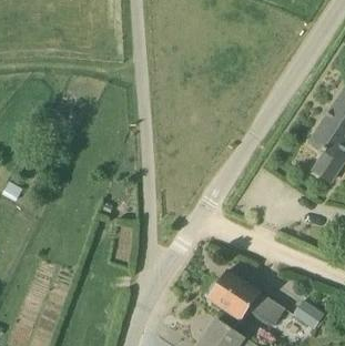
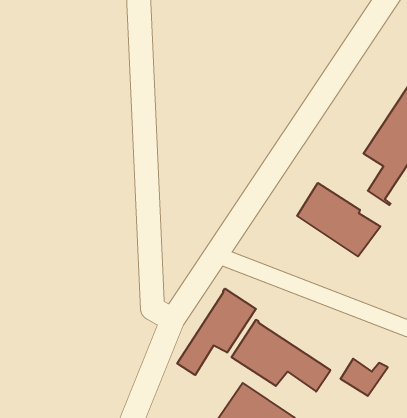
building: none -> [297,183,380,256]
building: none -> [177,289,256,375]

